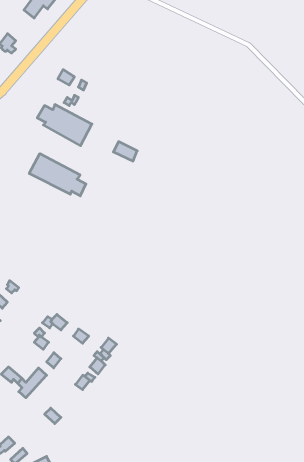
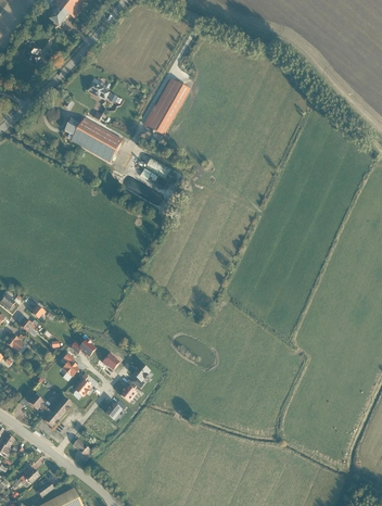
building: none -> [145,77,192,135]
building: [29,154,86,196] -> none

